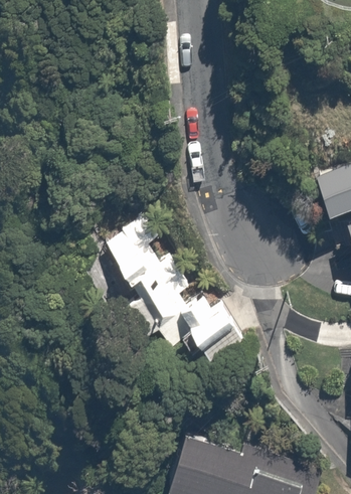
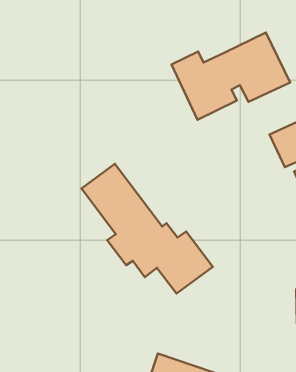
building: none -> [171,33,290,120]

